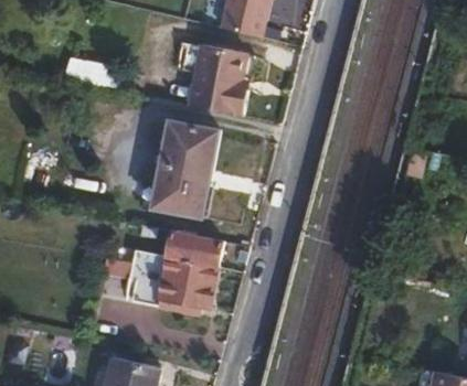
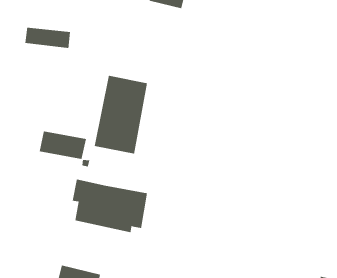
building: [189,44,250,116] -> none
building: [166,232,225,267] -> [39,131,87,159]

